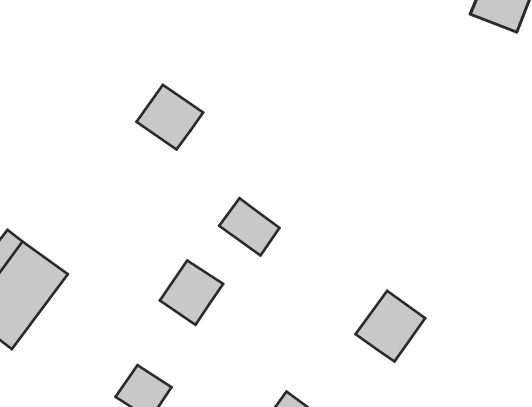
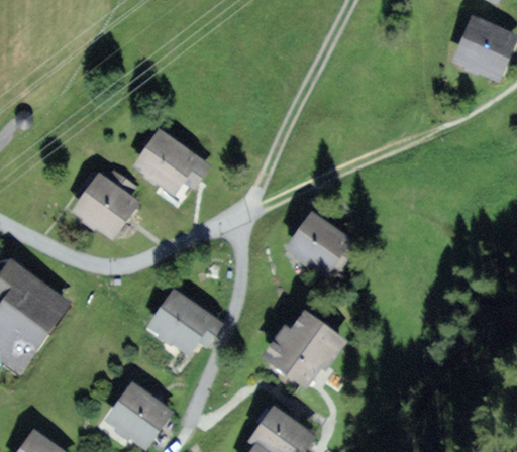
building: none -> [76,172,139,234]
building: [219,198,280,255] -> [292,223,349,277]
building: [355,291,425,362] -> [270,320,336,387]

